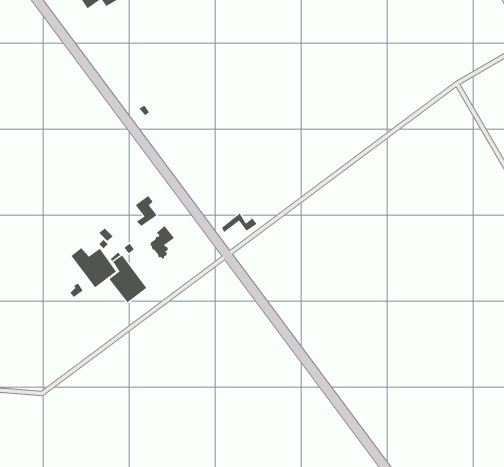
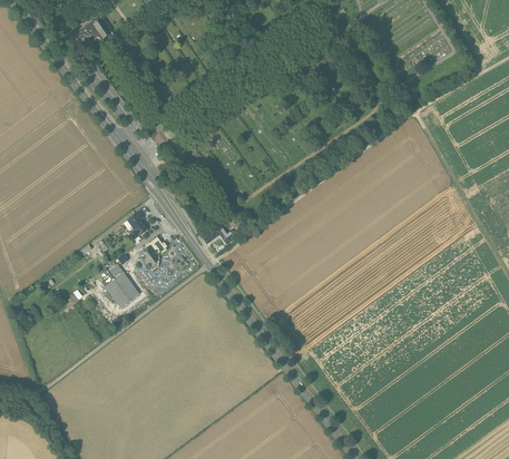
building: [70,247,117,288] -> none

